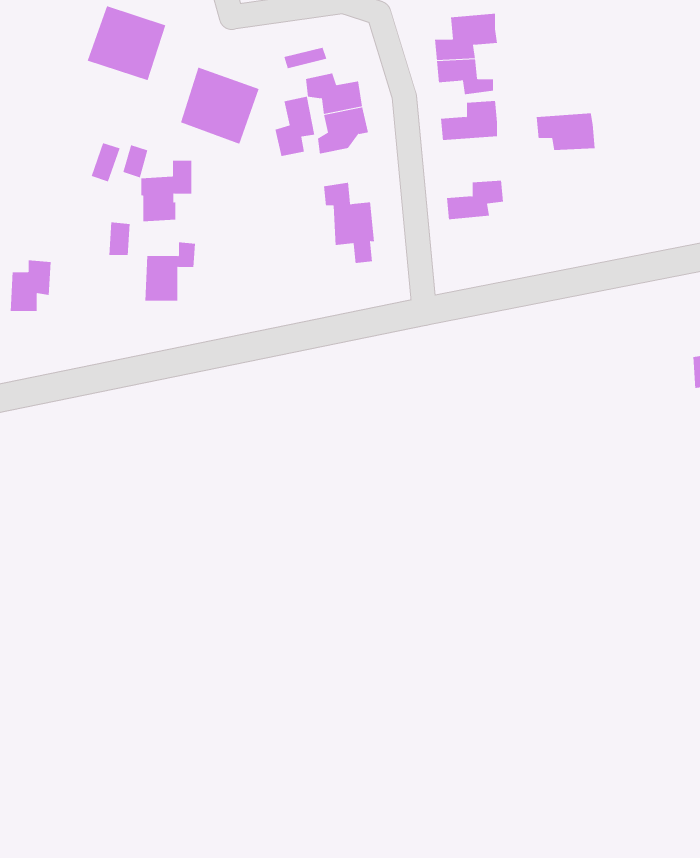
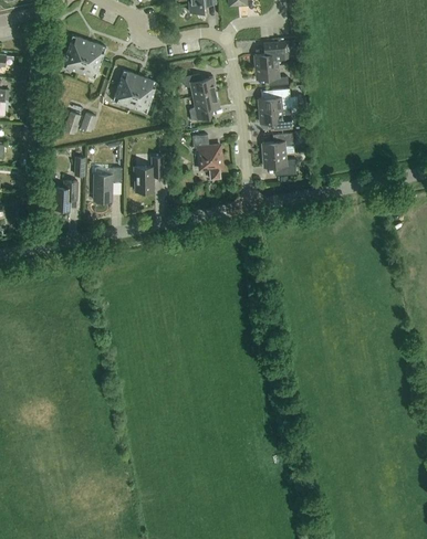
building: [275,96,315,157] -> none
building: [536,113,595,150] -> [259,108,292,129]
building: [140,160,192,222] -> [134,157,163,191]
building: none -> [262,152,295,175]
building: [10,260,52,311] -> [54,180,77,209]

